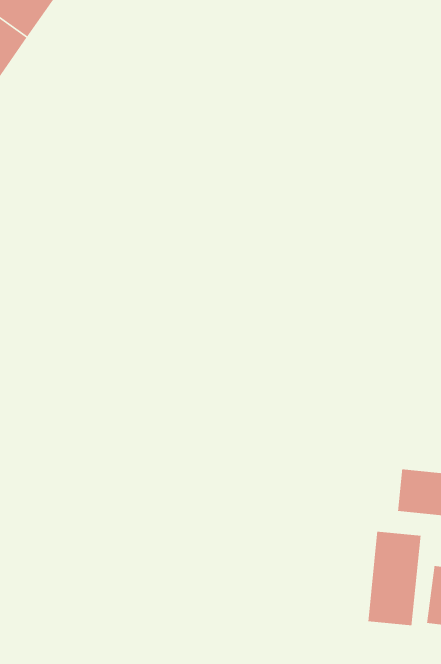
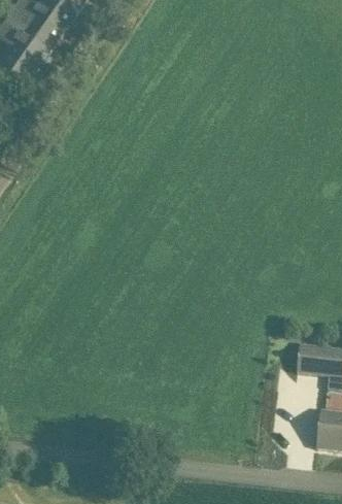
building: [367,531,421,626] -> none

